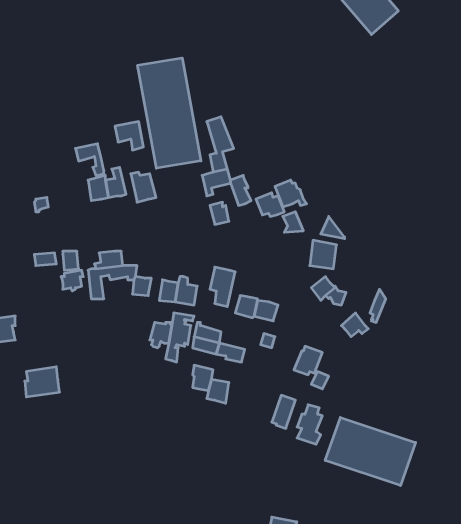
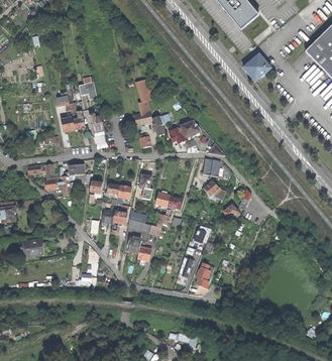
building: [138,58,201,168] -> none
building: none -> [243,53,270,82]
building: [325,417,416,486] -> none

